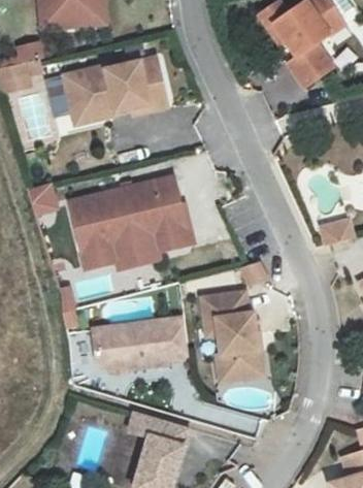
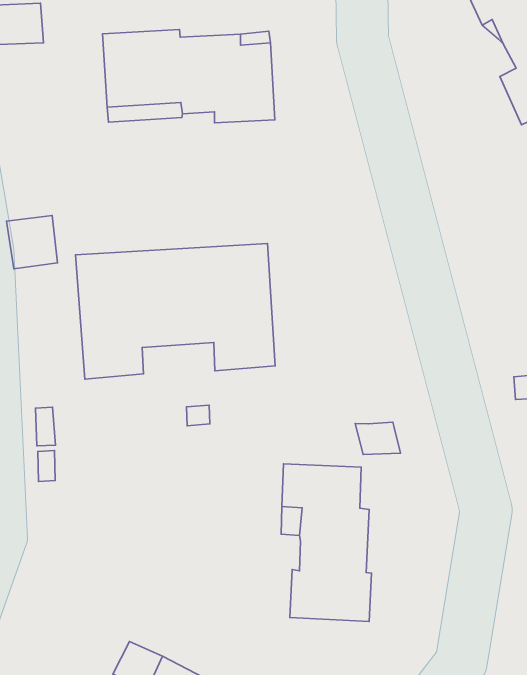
building: [113,235,159,268] -> none
building: [92,318,188,372] -> none

